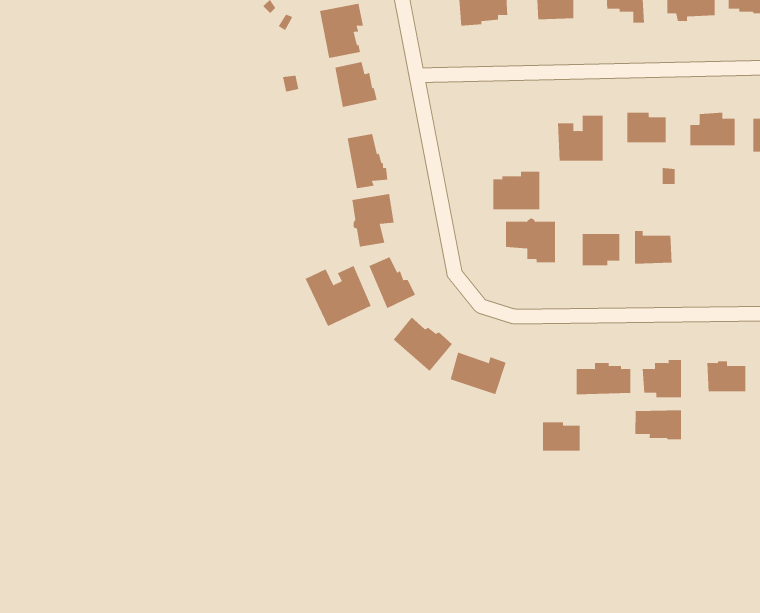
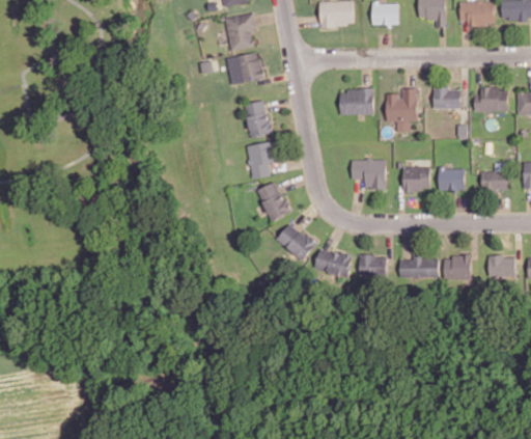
building: [492,171,540,210] -> [340,88,372,114]
building: none -> [481,172,507,193]
building: [305,265,372,327] -> none
building: [635,410,682,440] -> none
building: [542,422,581,451] -> [359,256,385,276]

